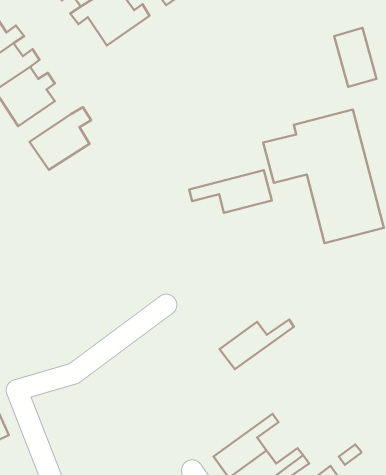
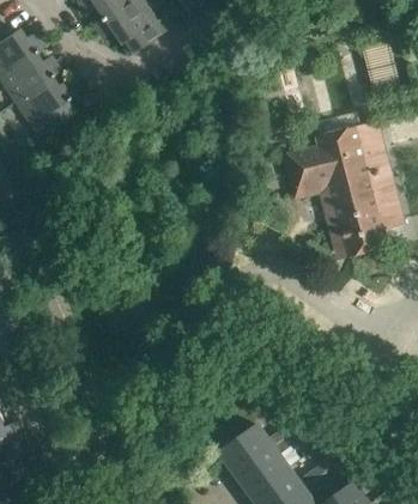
building: [30,107,91,170] -> none
building: [189,170,272,213] -> none
building: [219,320,294,369] -> [219,421,295,472]

